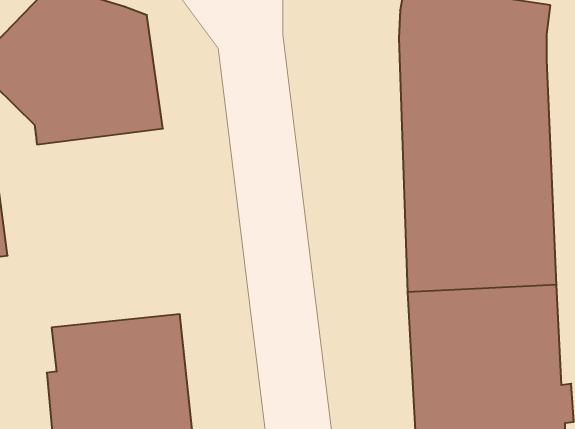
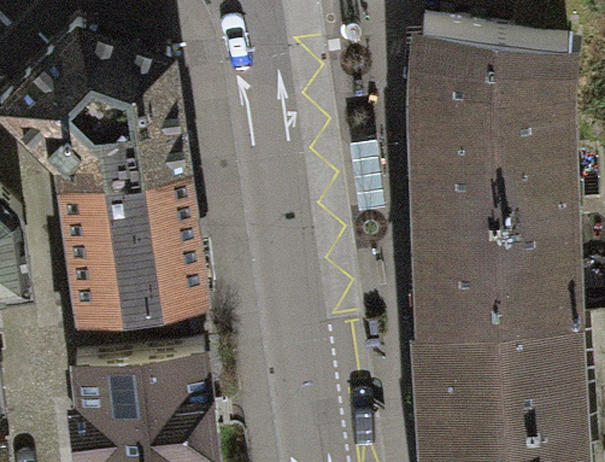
building: none -> [57,159,199,304]

